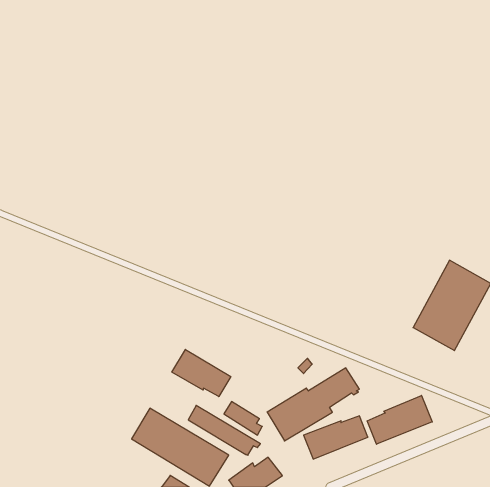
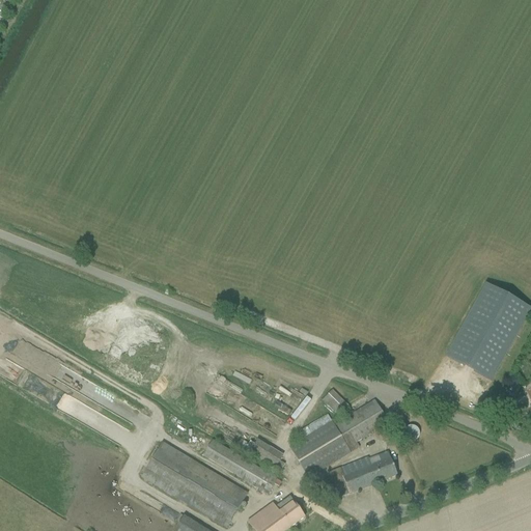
building: [172,349,231,397] -> none
building: [367,395,432,444] -> none

